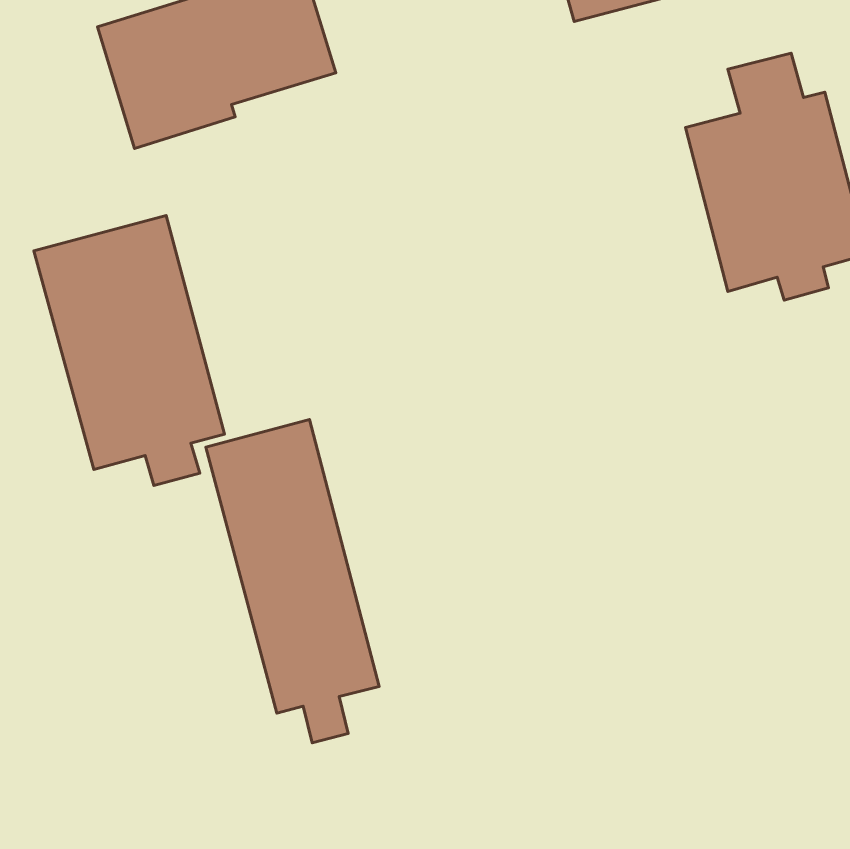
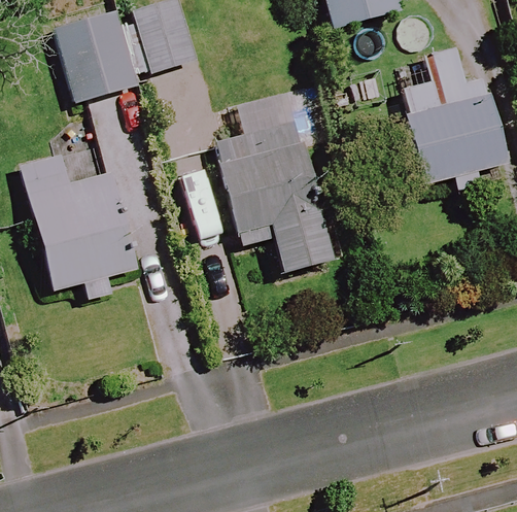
building: none -> [219,125,332,271]
building: [206,420,379,743] -> none

